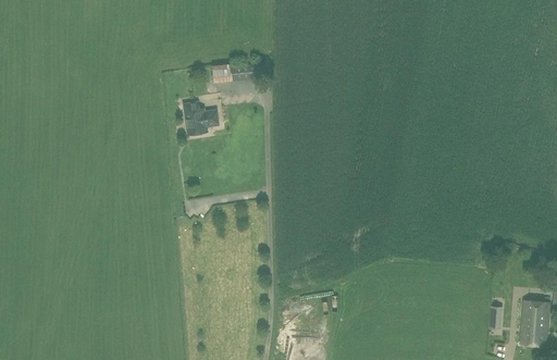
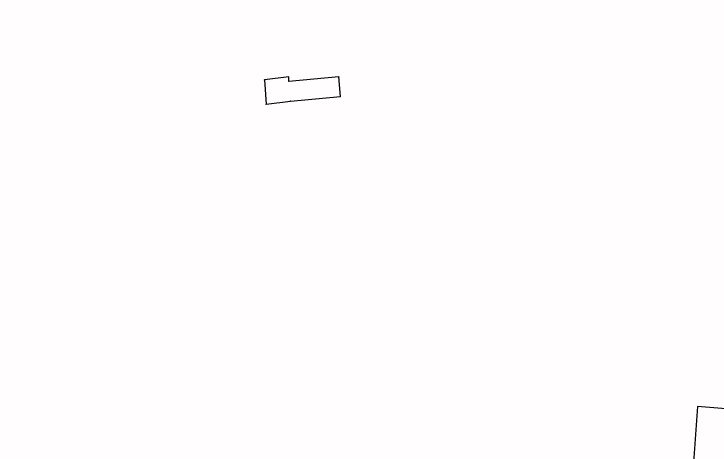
building: [184,102,219,136] -> none

